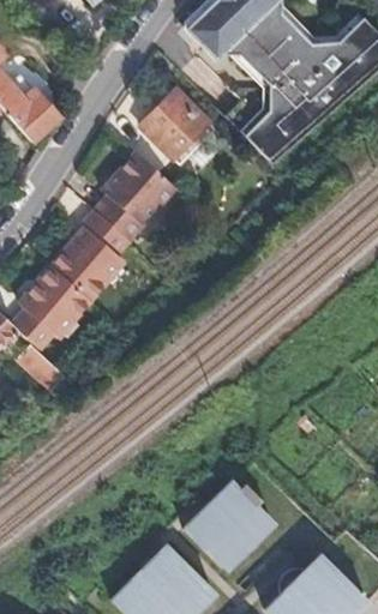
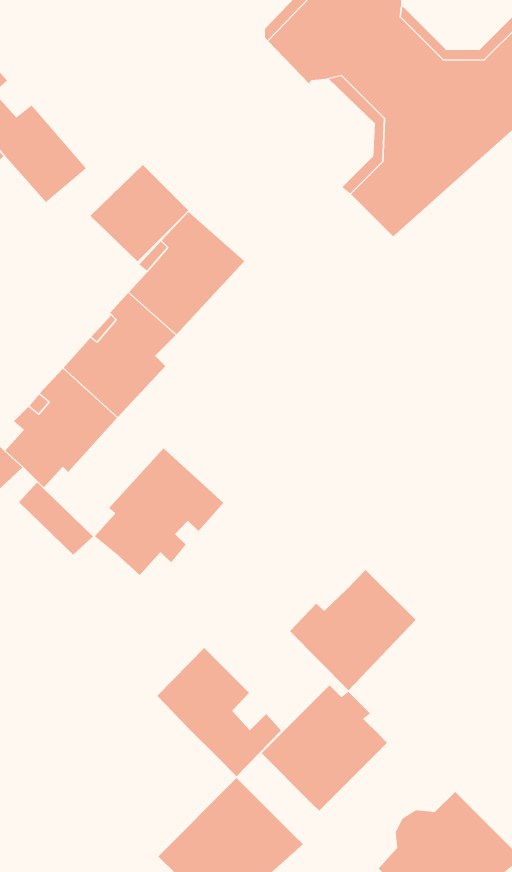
building: [142,91,211,159] -> [89,164,189,262]
building: none -> [94,447,224,576]
building: none -> [289,569,416,691]
building: none -> [157,647,282,777]

